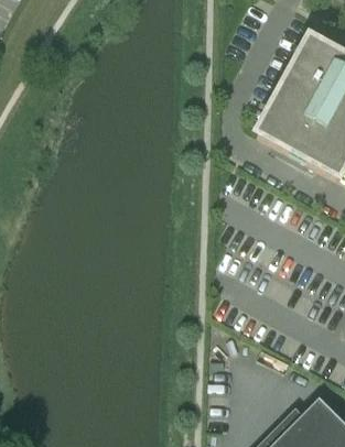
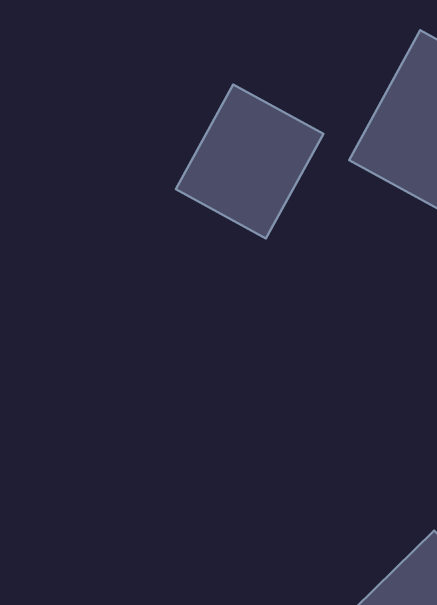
building: none -> [176,84,323,239]

